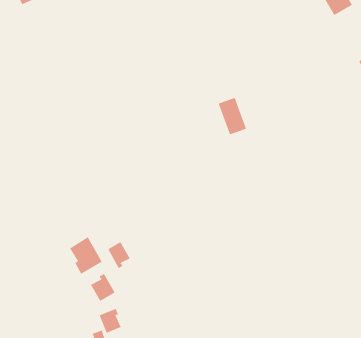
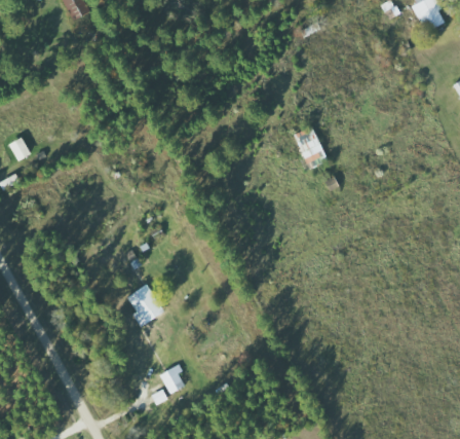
building: [107,241,131,269] -> none
building: [90,273,115,302] -> none

